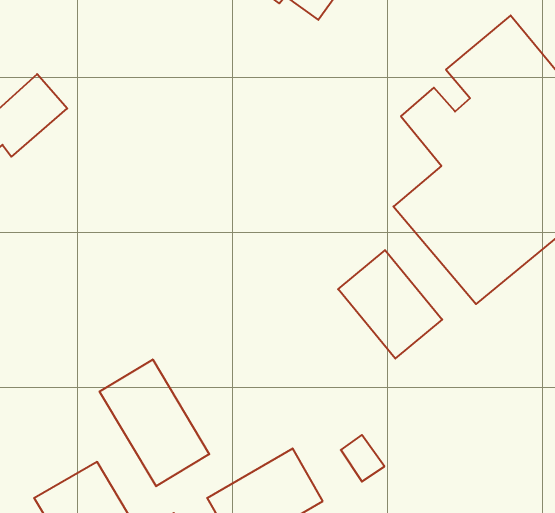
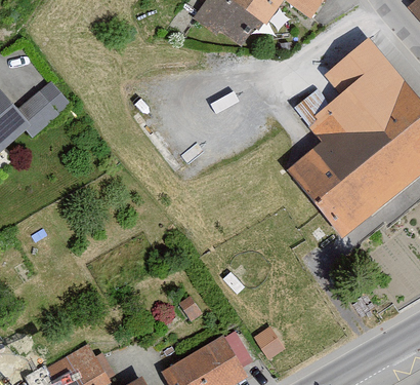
building: [338,250,442,359] -> none
building: [100,359,209,486] -> none

